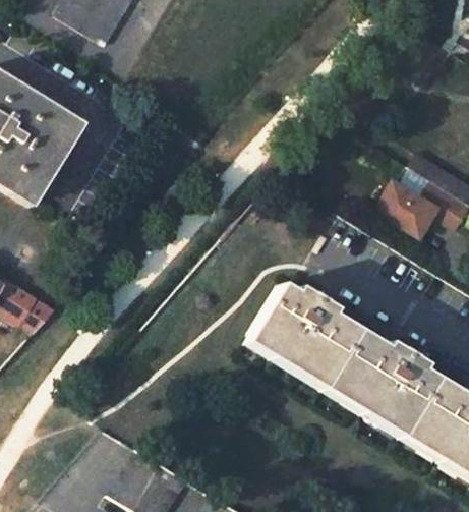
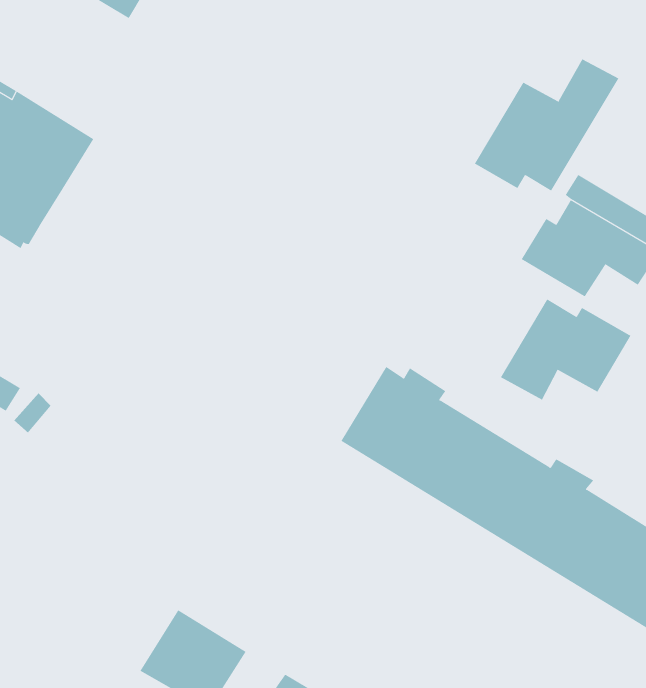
building: none -> [474,58,619,191]
building: none -> [500,299,631,400]

